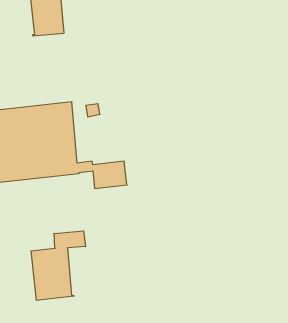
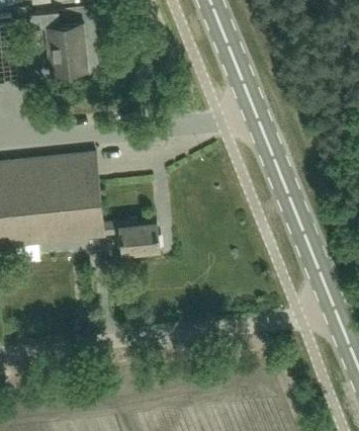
building: [31,231,85,300] -> none

